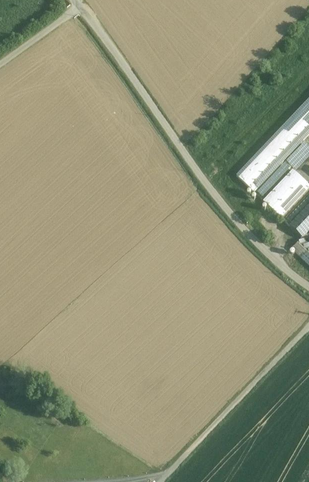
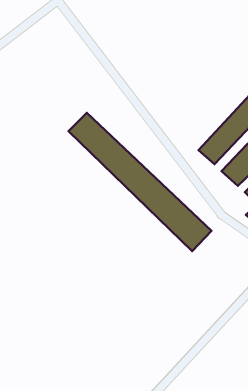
building: none -> [68,113,211,251]

